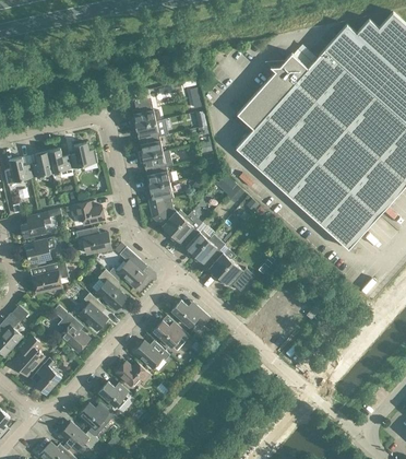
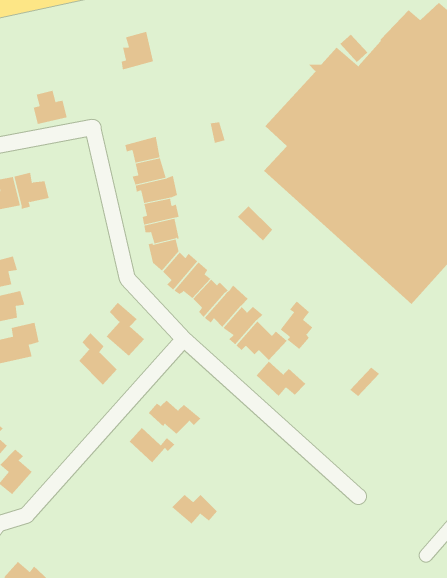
building: [130,98,155,128] -> [121,31,154,70]
building: [71,142,97,168] -> [33,90,68,125]
building: [70,202,104,225] -> none
building: [75,228,110,255] -> none
building: none -> [280,300,313,350]
building: [79,294,107,331] -> none
building: [171,301,210,328] -> [256,361,306,397]
building: [53,305,88,352] -> none
building: [116,363,151,386] -> [172,494,218,524]
building: [98,381,131,410] -> none
building: [79,403,114,428] -> none
building: [59,423,98,451] -> none

